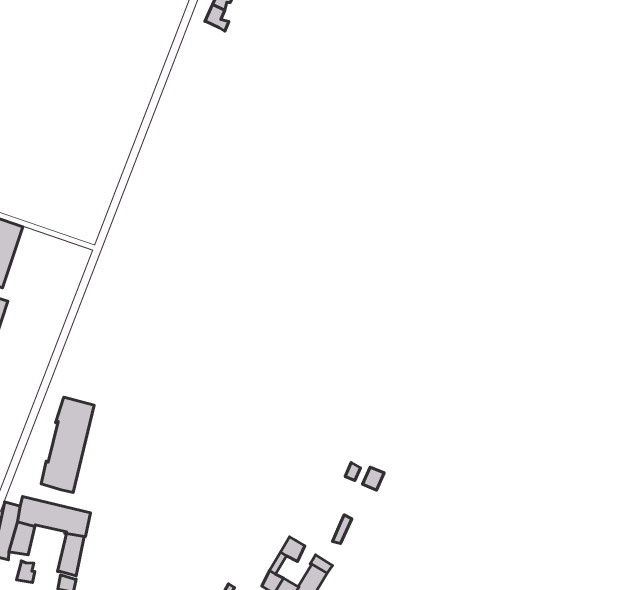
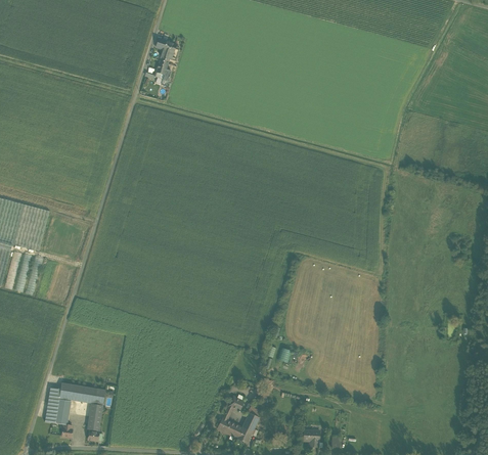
building: [41,397,94,493] -> none

